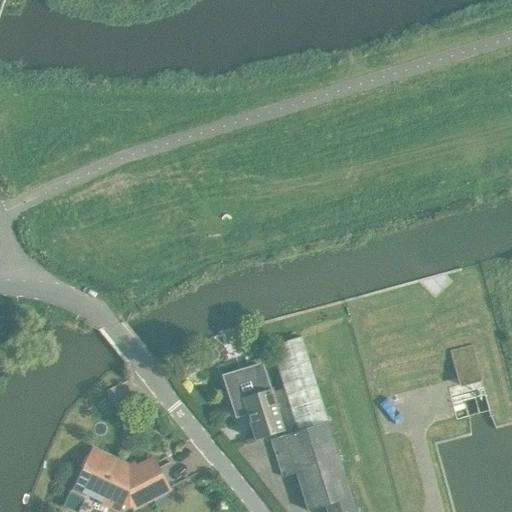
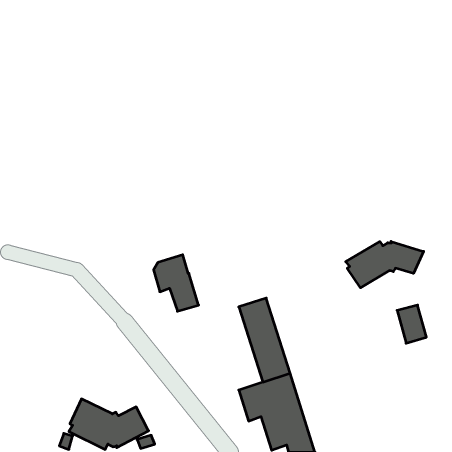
building: none -> [346,241,424,288]
building: [229,372,280,436] -> [154,255,199,311]

